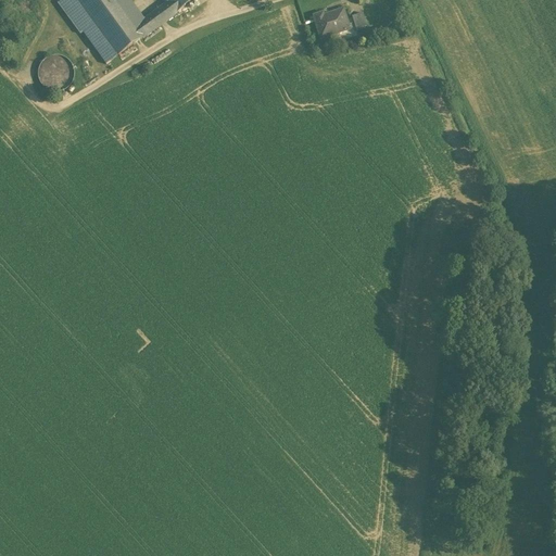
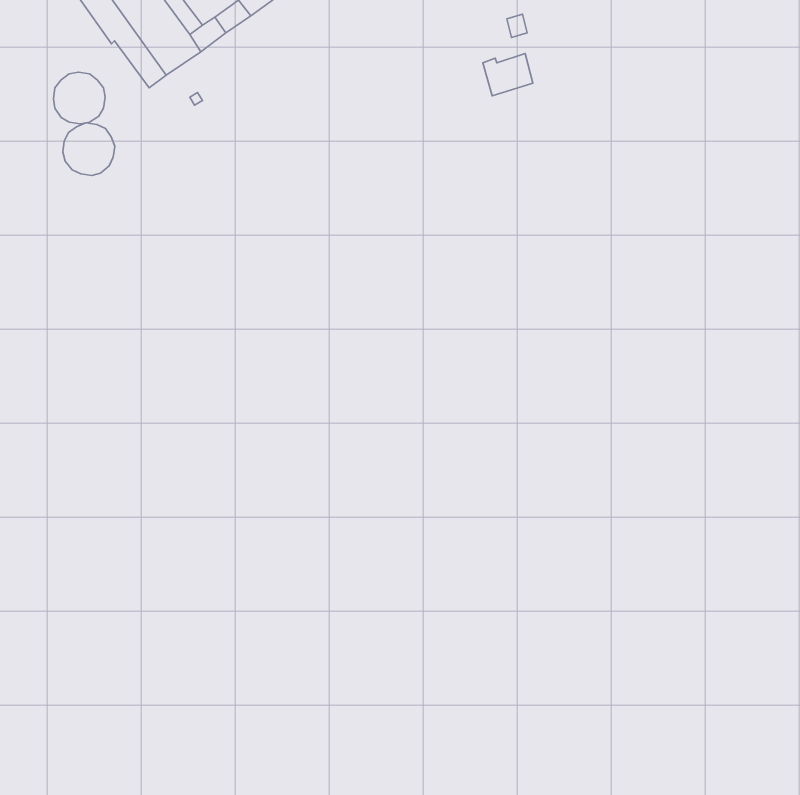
building: [313,5,348,35] -> [483,53,533,96]
building: none -> [63,123,115,175]

